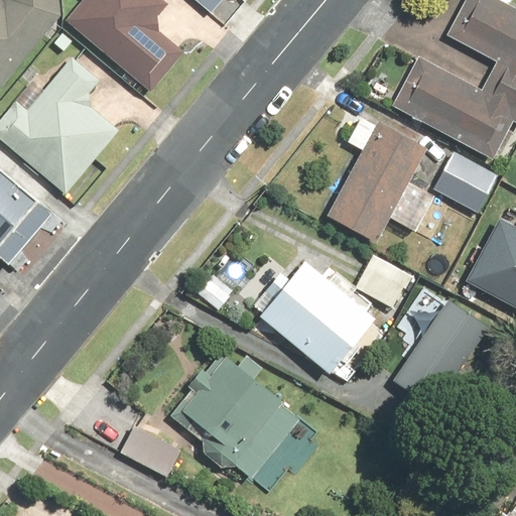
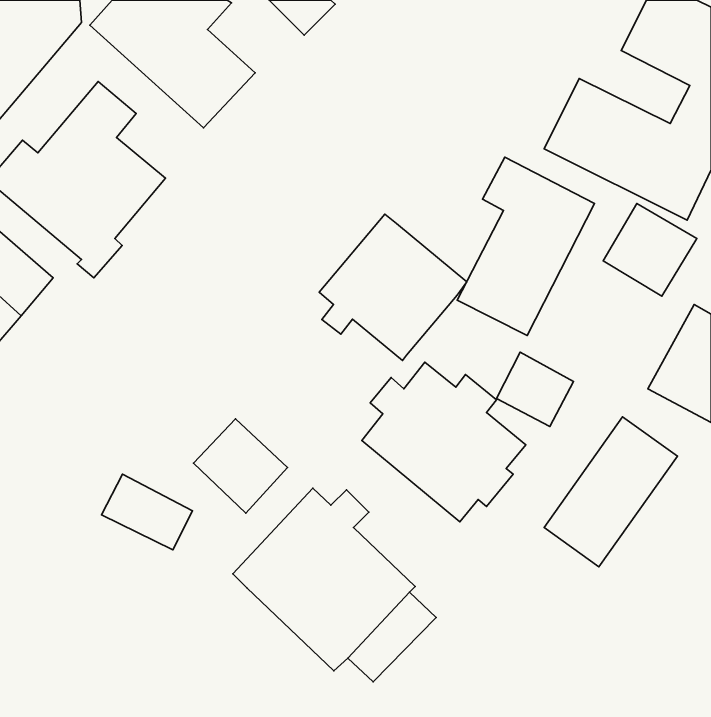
building: none -> [319,214,467,361]
building: none -> [193,419,287,513]
building: [117,423,182,478] -> [101,474,193,550]

